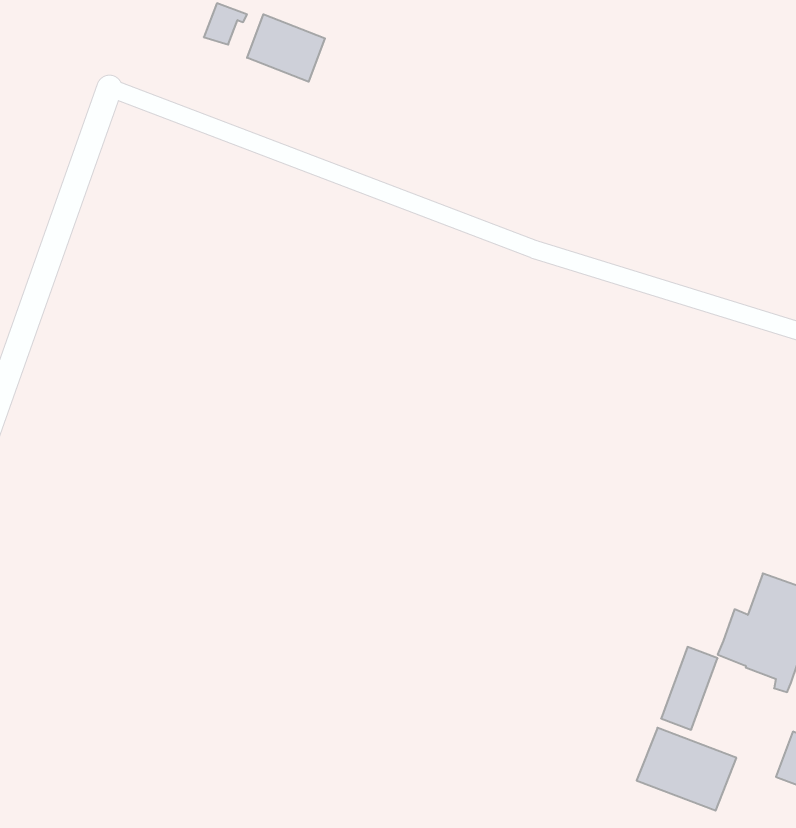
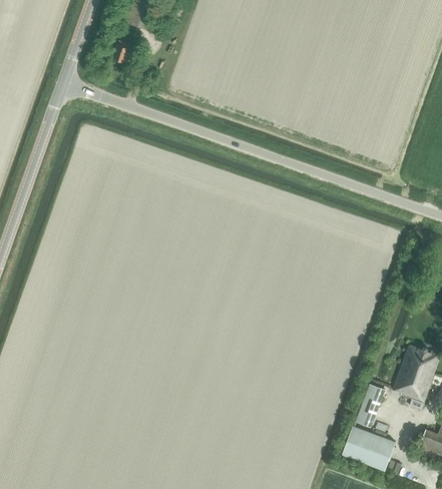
building: [247,14,325,82] -> none

